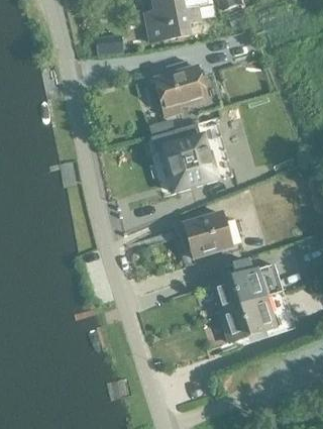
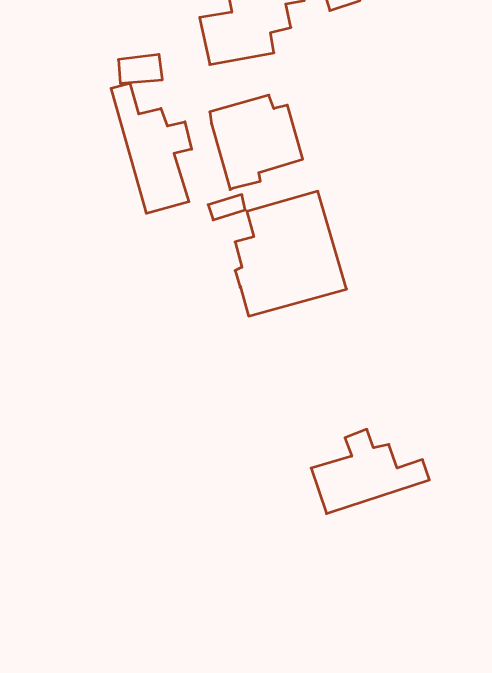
building: none -> [111,83,192,213]
building: [183,212,231,258] -> none
building: [222,291,285,342] -> none

